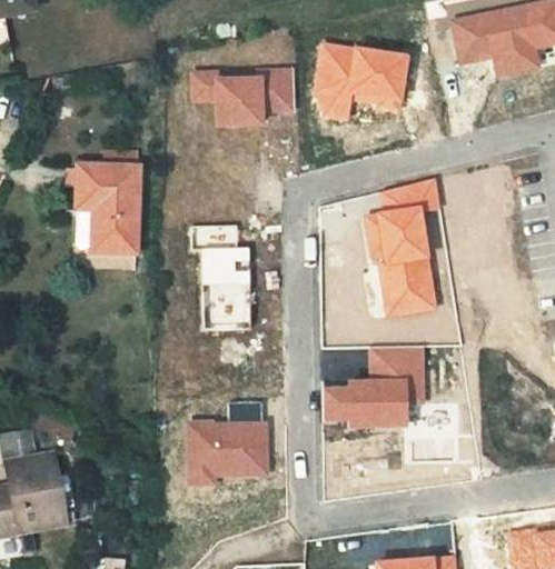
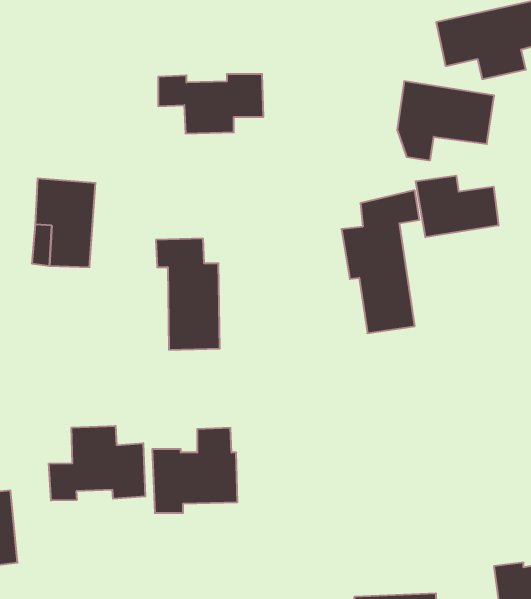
building: [316,43,407,118] -> [397,81,494,160]
building: none -> [416,176,498,237]
building: [325,347,424,425] -> none
building: none -> [49,426,145,501]

